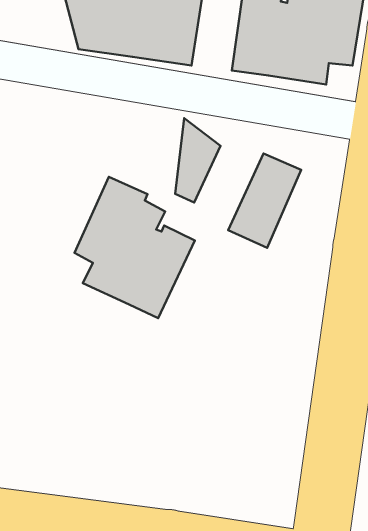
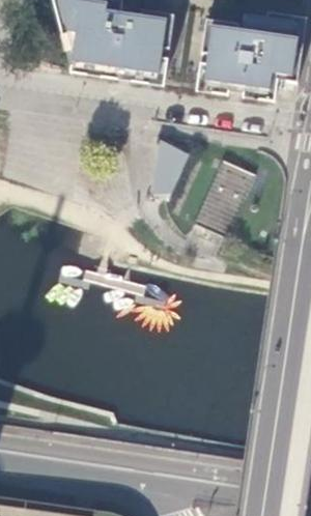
building: [74,177,195,318] -> none

